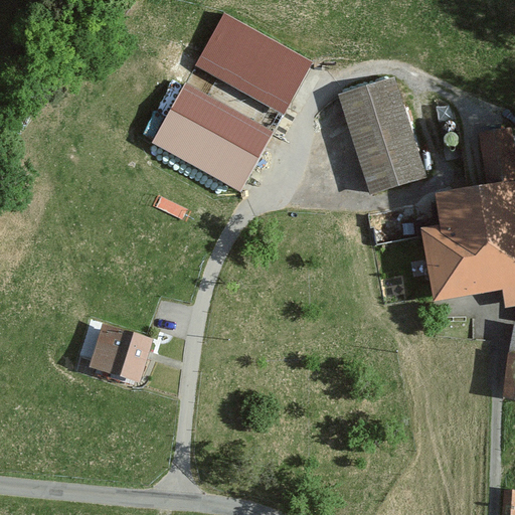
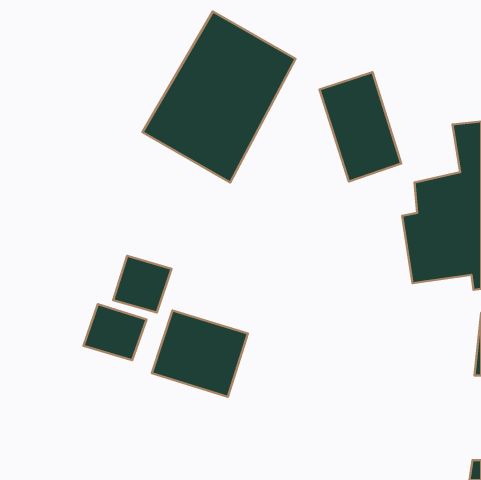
building: none -> [113,256,172,313]
building: none -> [152,311,248,397]

